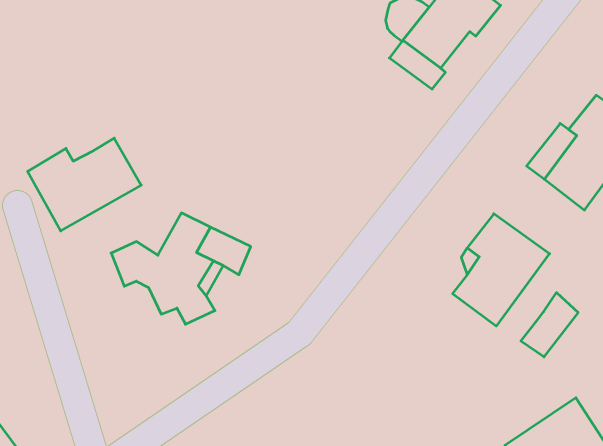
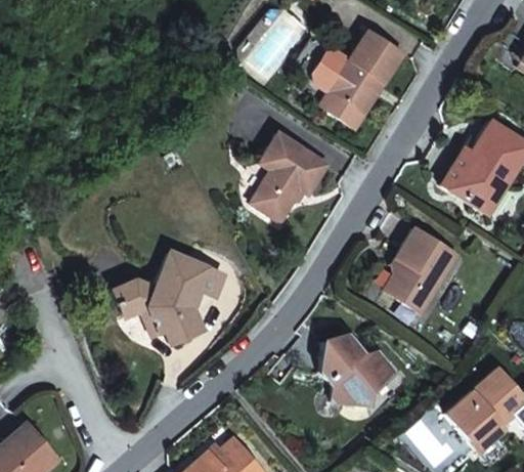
building: none -> [252,134,331,222]
building: [28,138,141,231] -> none
building: [521,293,578,357] -> none
building: none -> [323,334,397,411]

